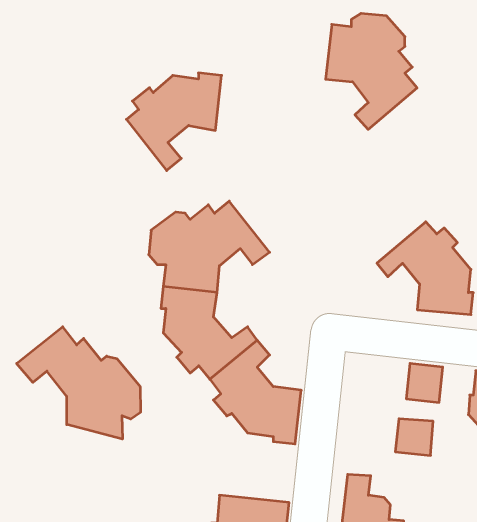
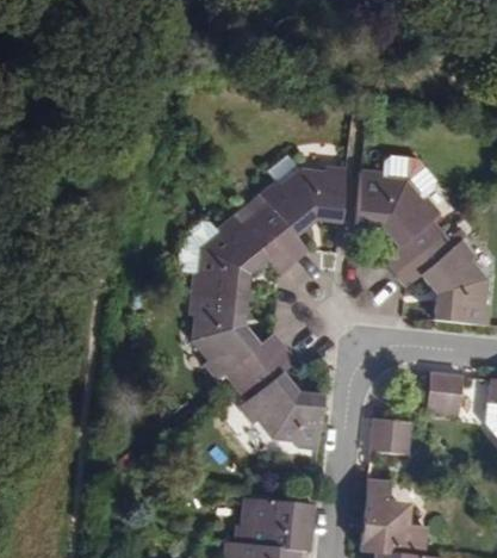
building: [326,13,417,129] -> [356,160,446,273]
building: [126,73,222,171] -> [254,167,347,262]
building: [17,327,140,439] -> none
building: [395,419,433,455] -> [372,417,409,453]

